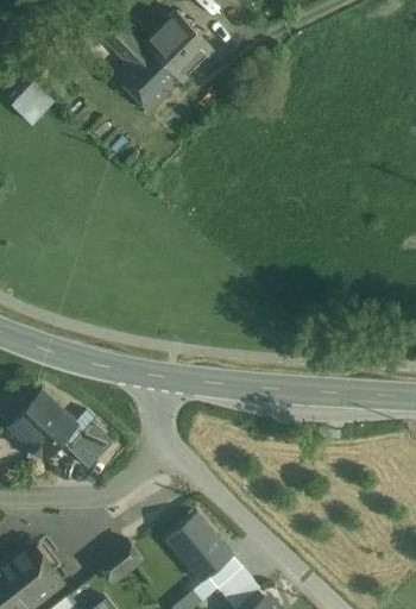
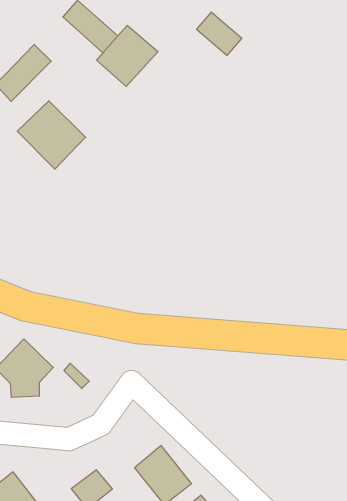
building: [158,20,209,69] -> [197,12,242,55]
building: none -> [17,101,86,169]
building: [67,428,107,469] -> none

